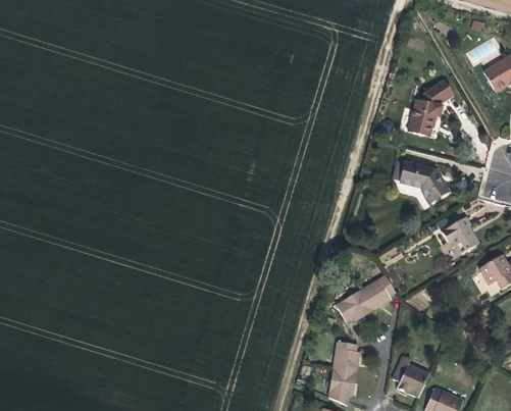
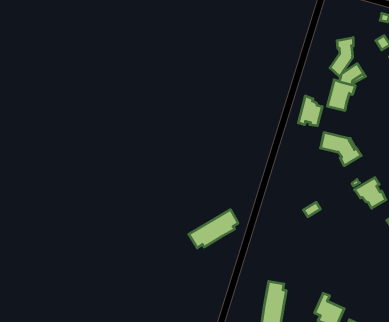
building: none -> [330,37,353,77]
building: none -> [298,96,322,126]
building: [336,275,395,321] -> [189,210,238,248]

